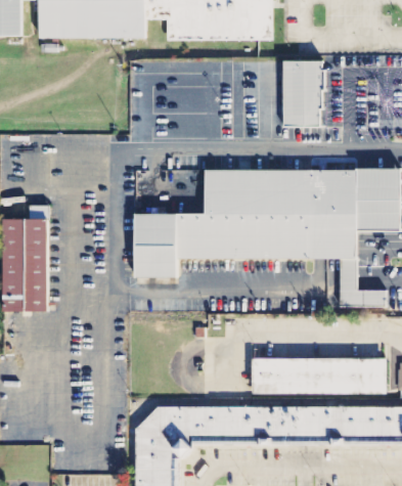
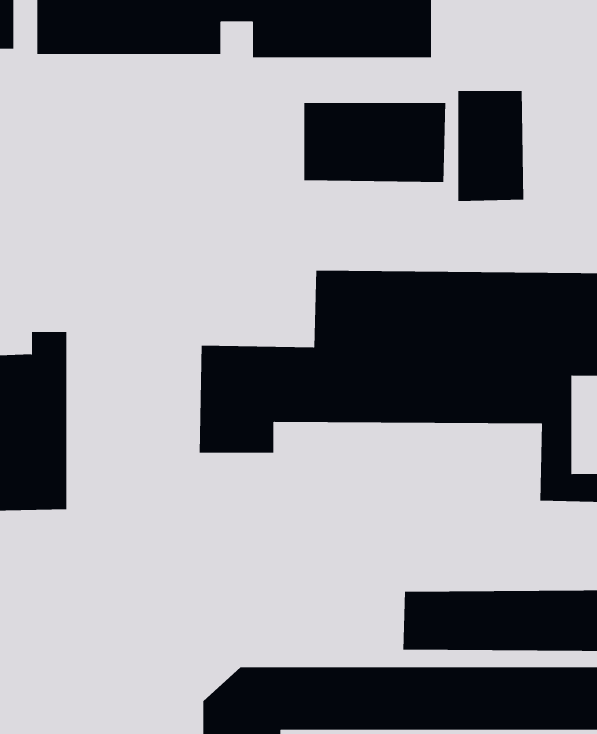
building: none -> [304,102,446,183]

